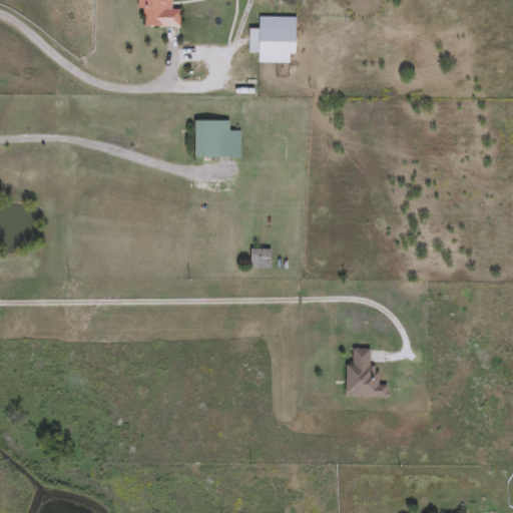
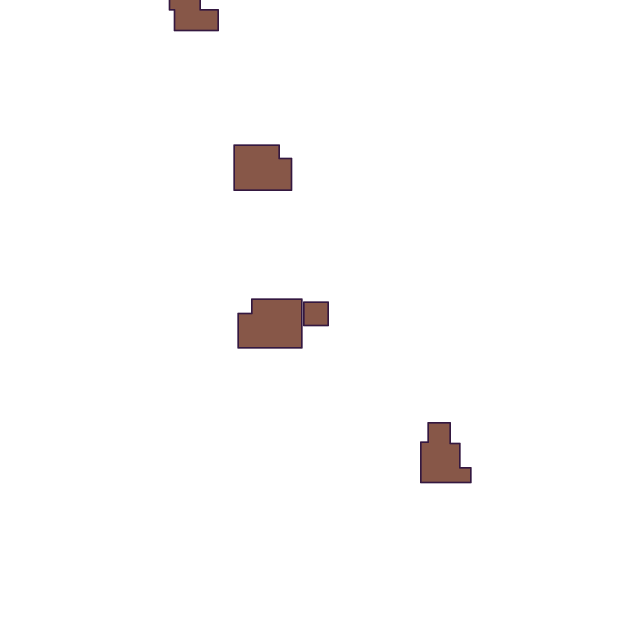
building: [249,16,297,62] -> none
building: none -> [238,299,302,348]

